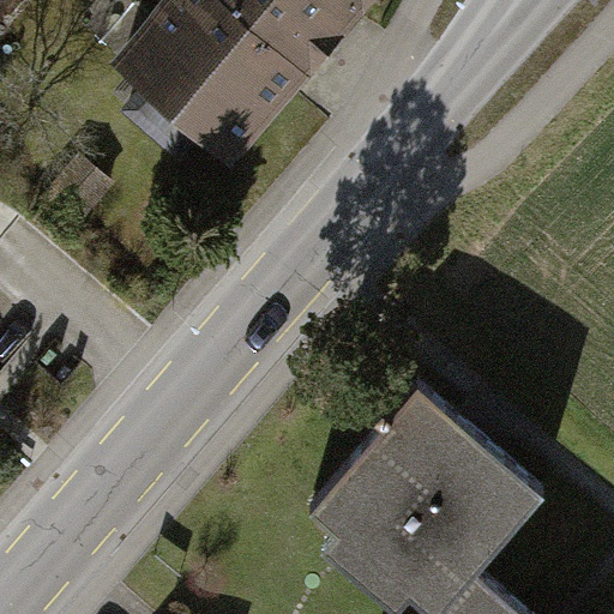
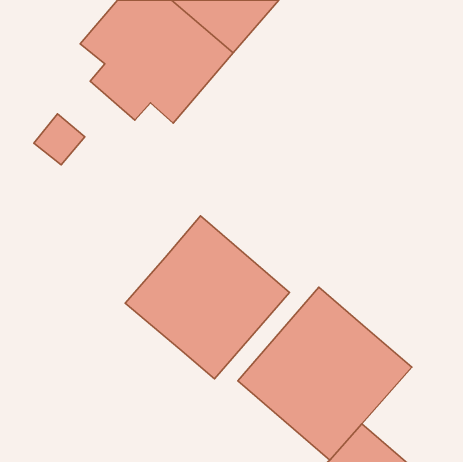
building: none -> [125,216,289,379]

